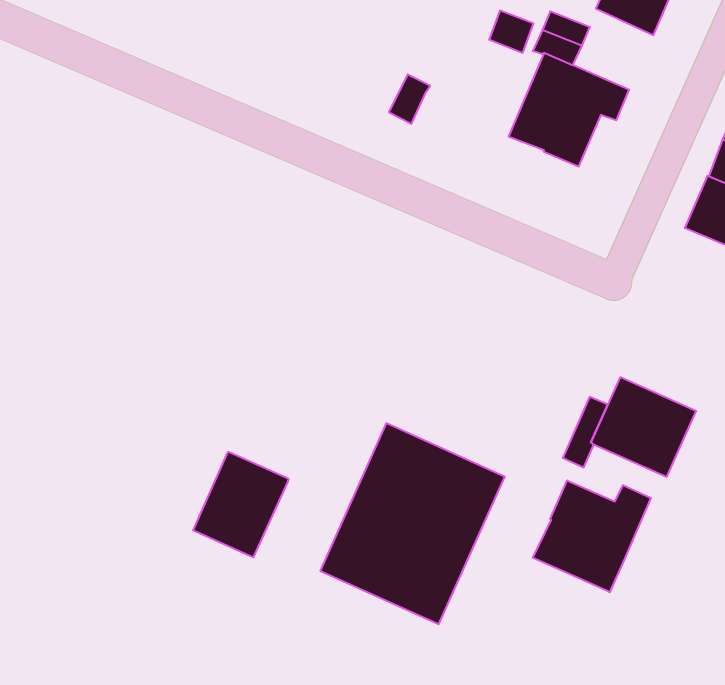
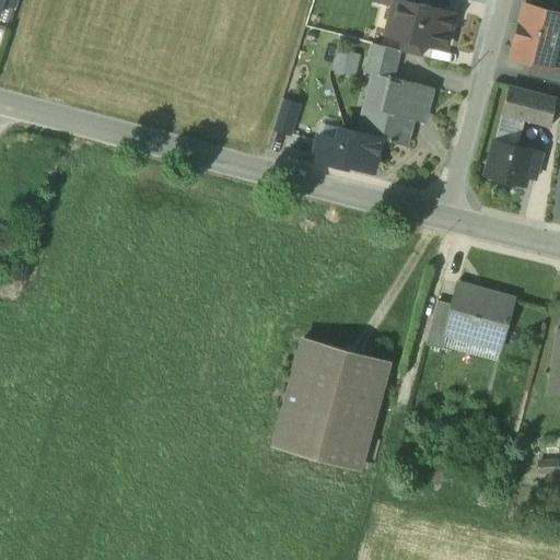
building: none -> [314,129,383,171]
building: [193,452,288,557] -> none
building: [533,480,651,592] -> none

